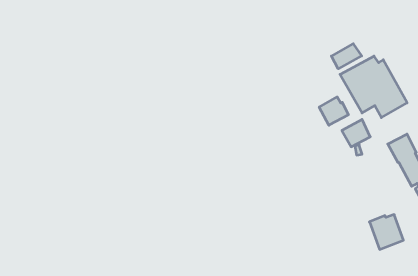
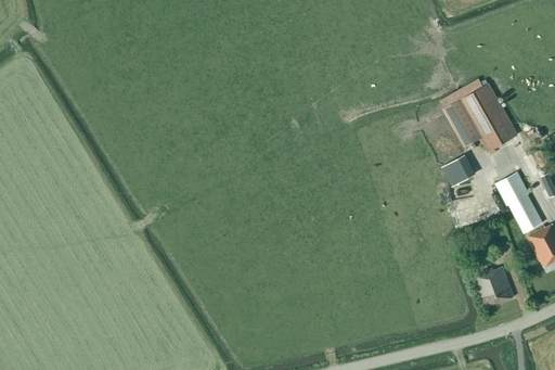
building: [331,44,362,69] -> none
building: [319,97,348,125] -> none

